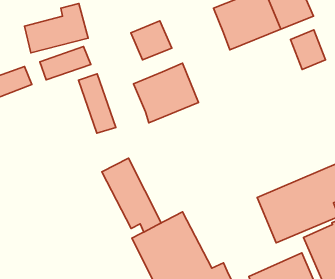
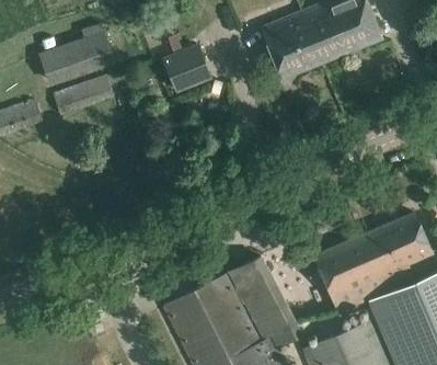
building: [290,30,326,70] -> none
building: [133,63,198,123] -> none
building: [79,74,116,133] -> none
building: [102,158,161,232] -> [228,256,299,345]

